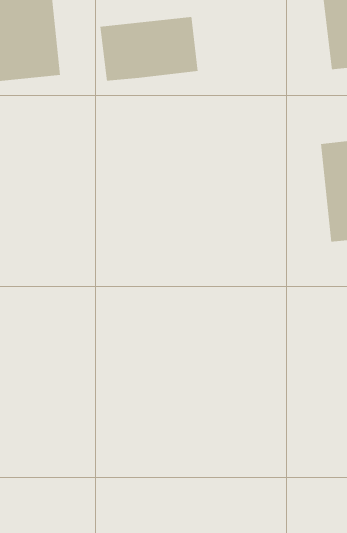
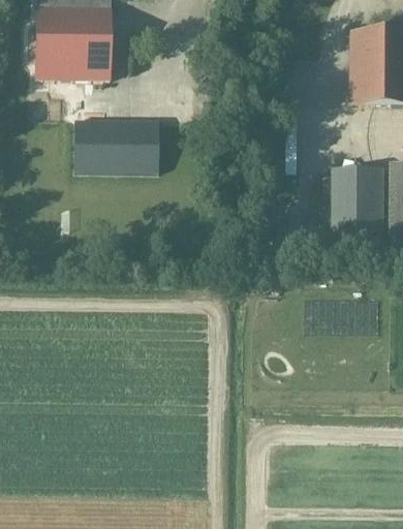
building: [100,17,199,81] -> [73,119,157,169]

